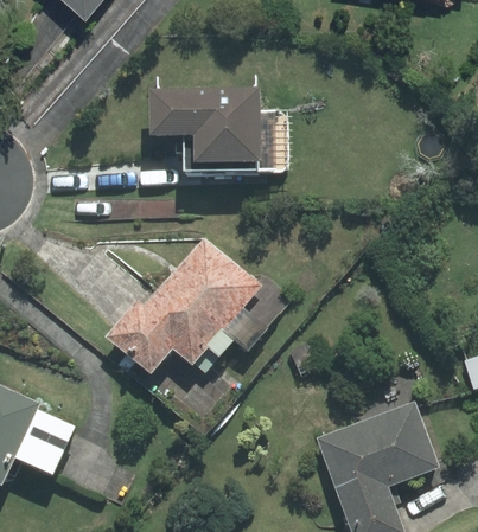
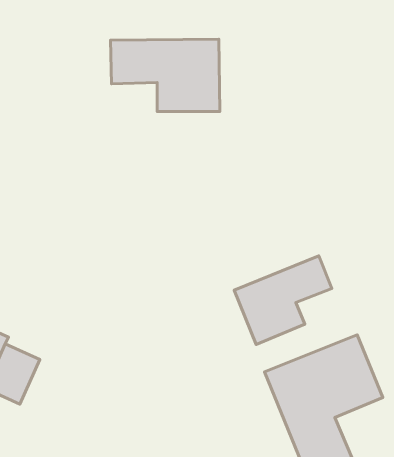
building: [106,239,259,376] -> none
building: none -> [234,256,332,345]

